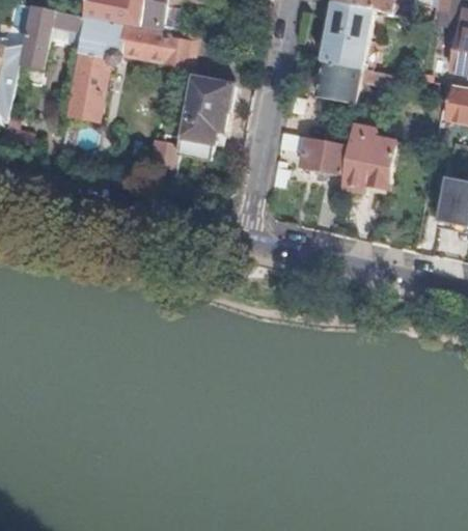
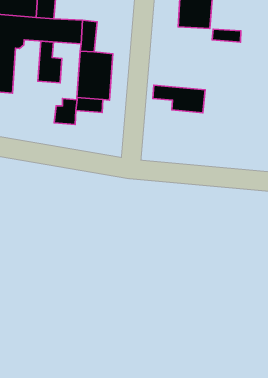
building: none -> [38,41,62,83]
building: [312,61,362,105] -> none
building: [342,135,386,194] -> none

